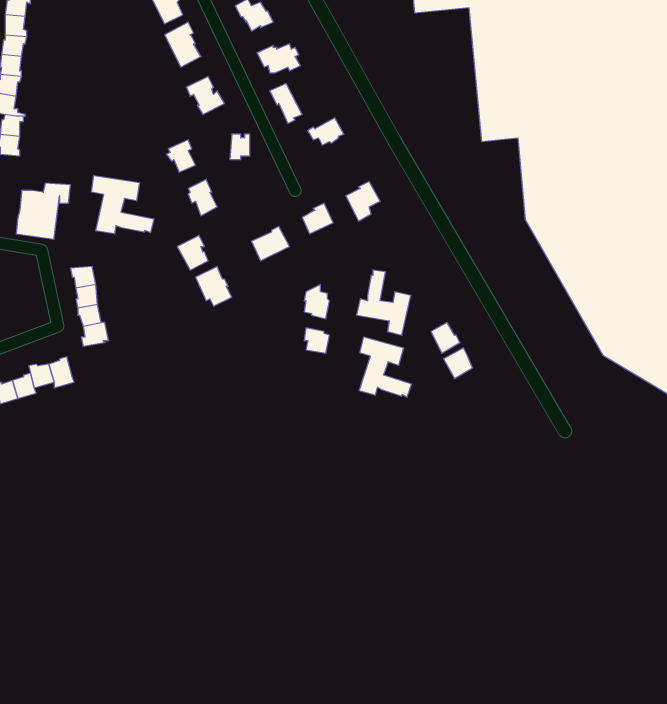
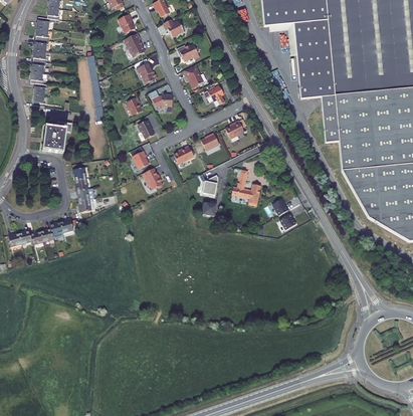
building: [92,175,154,234] -> none
building: [359,337,412,397] -> none

